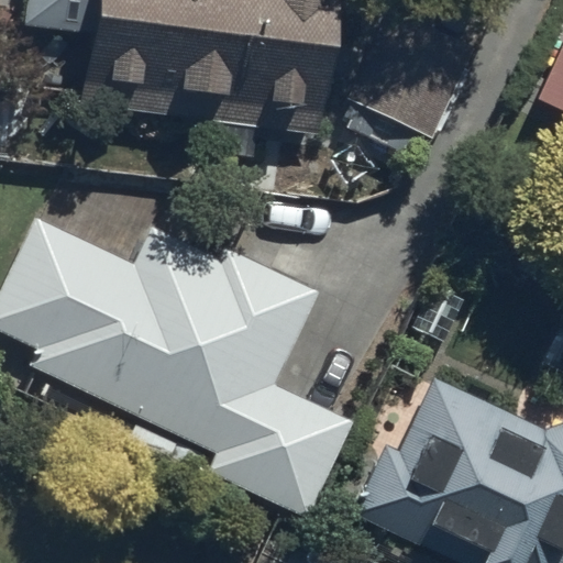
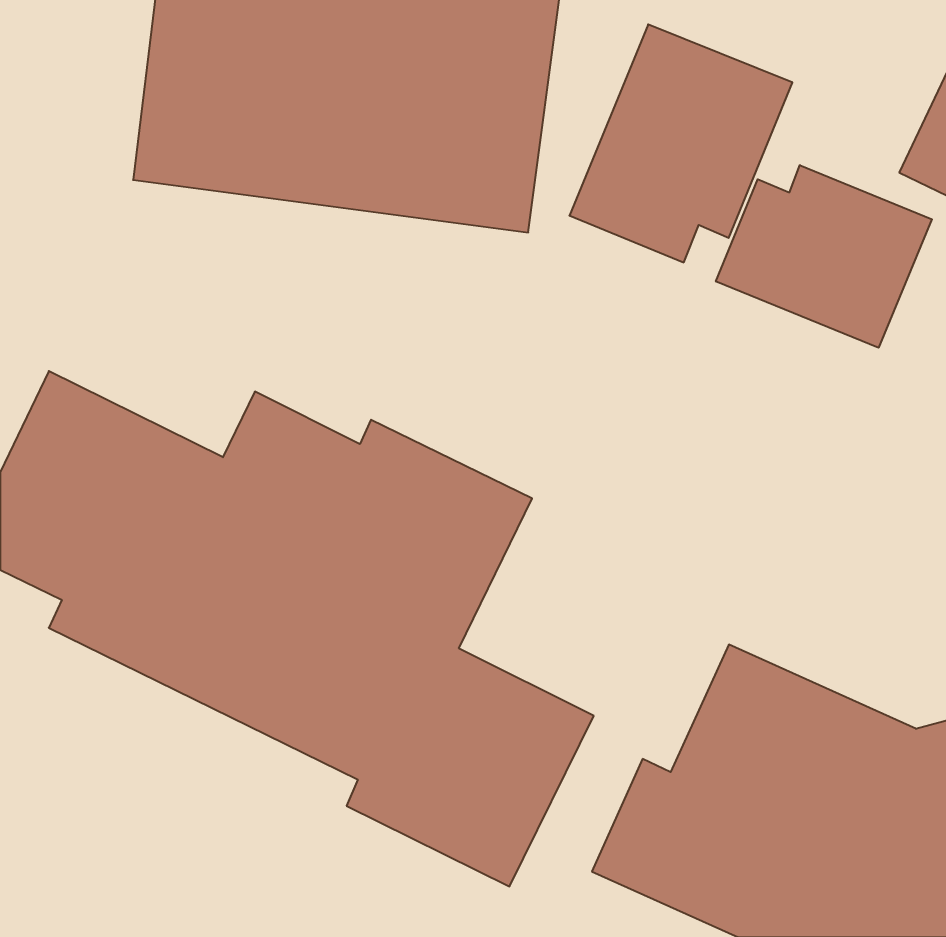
building: none -> [716,165,932,348]

